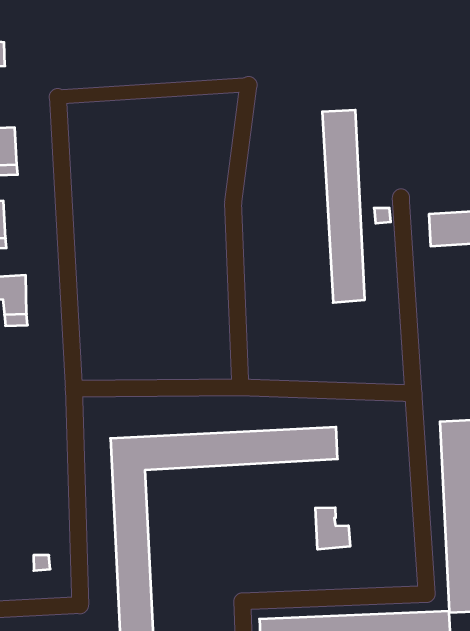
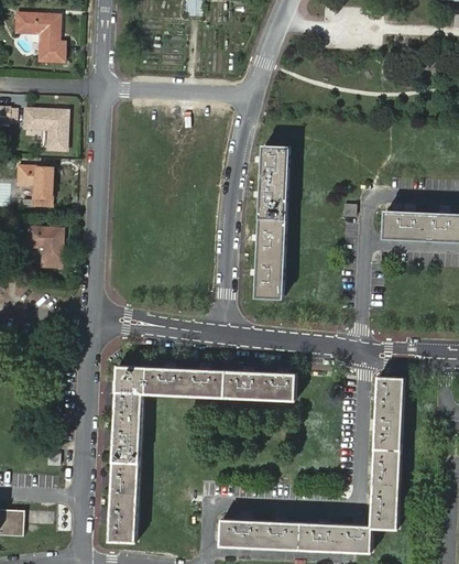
building: [322,110,365,303] -> [255,144,287,296]
building: [315,508,350,549] -> none

